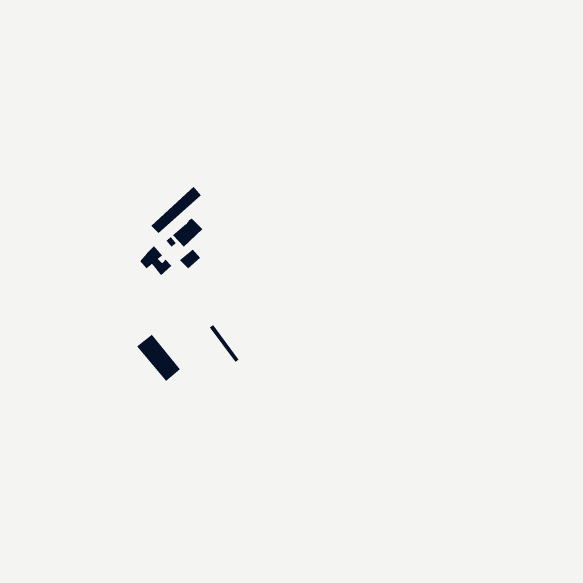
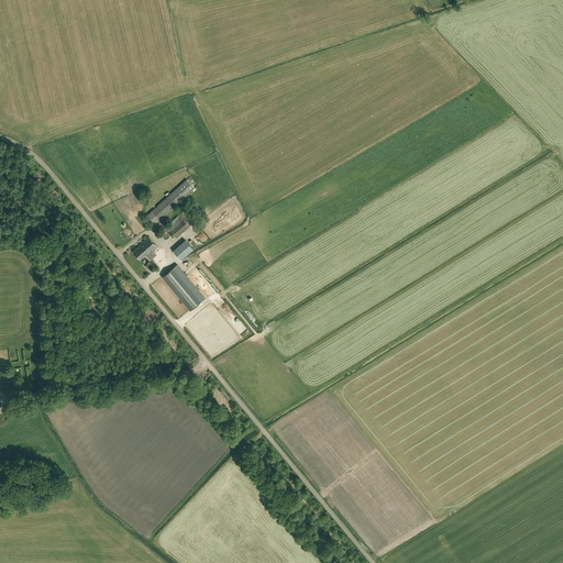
building: [136,334,181,382] -> [162,264,205,310]

